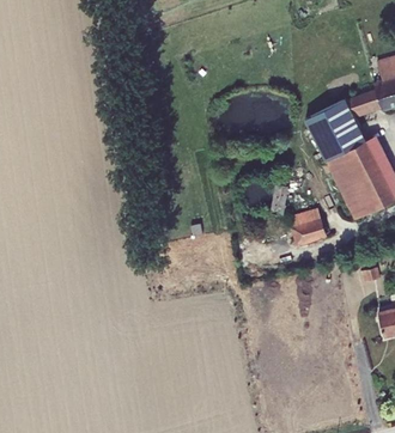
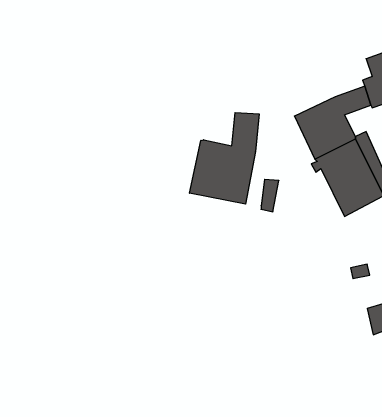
building: none -> [190,113,259,204]
building: [288,211,327,248] -> none

